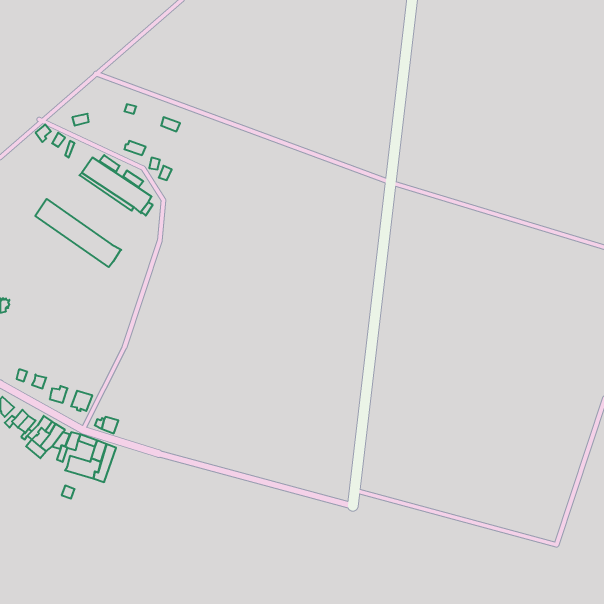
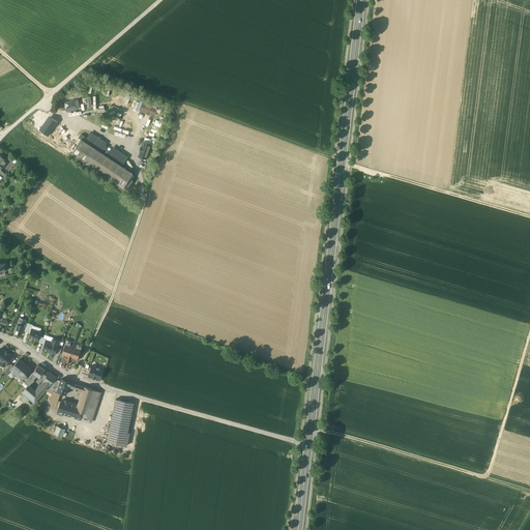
building: [35,199,121,267] -> none
building: none -> [108,398,135,443]

